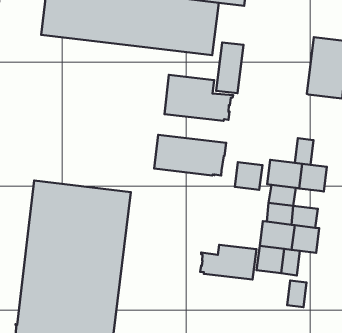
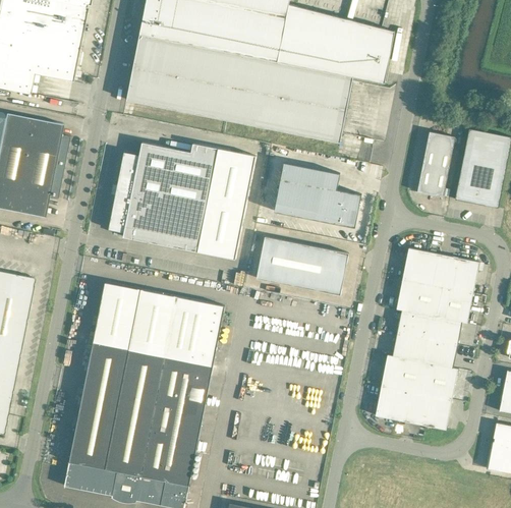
building: [216,42,244,93] -> [416,131,455,196]
building: none -> [108,142,256,259]
building: none -> [452,258,478,292]
building: [235,162,262,190] -> [402,247,439,284]
building: none -> [427,316,461,344]
building: [200,245,256,280] -> none
building: [287,280,306,307] -> [424,395,451,430]

